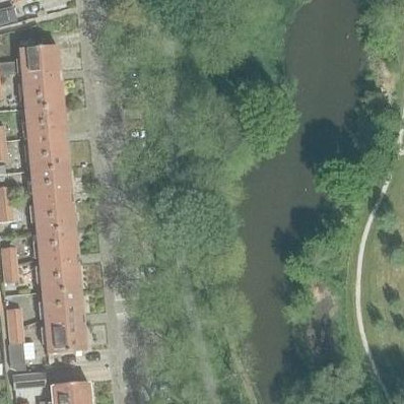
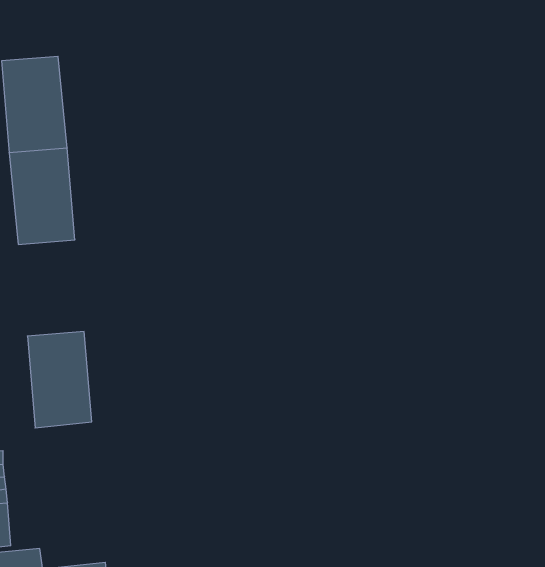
building: [30,167,74,231] -> none
building: [42,288,85,353] -> none

